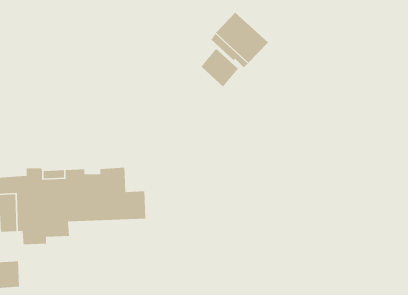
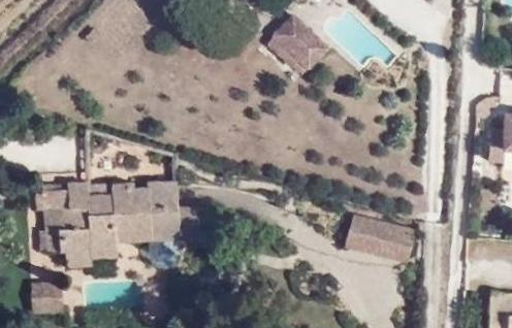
building: [200,48,239,87] -> none
building: none -> [346,216,414,262]

